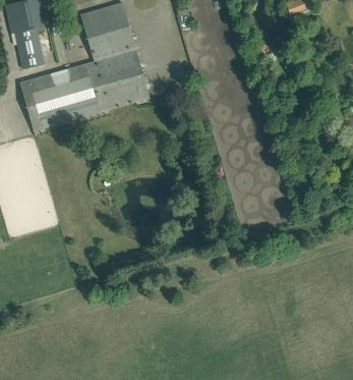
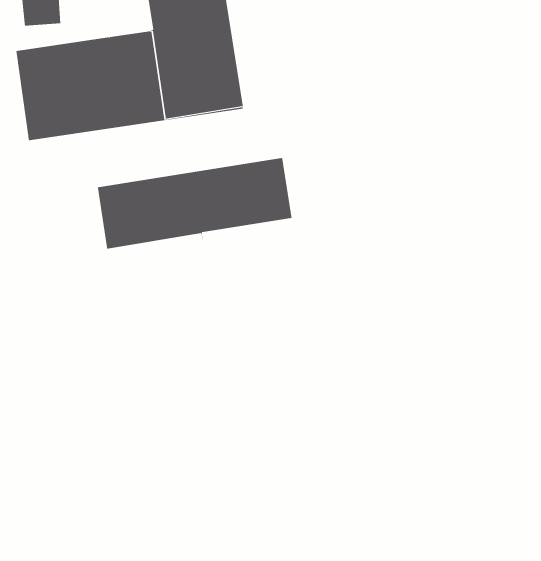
building: none -> [97,157,292,268]

